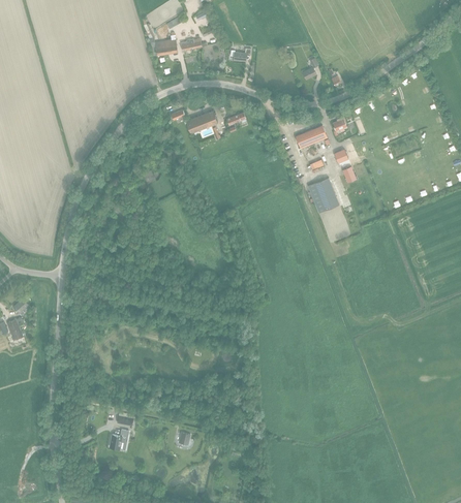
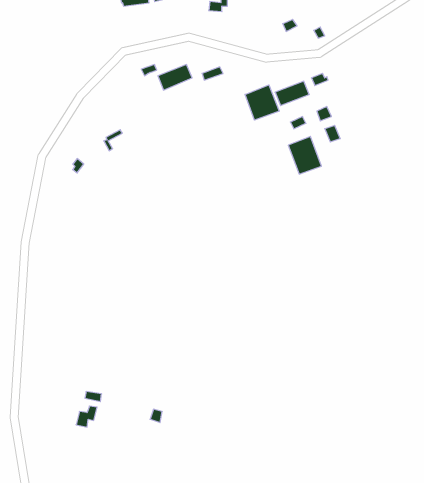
building: none -> [245,85,279,120]

